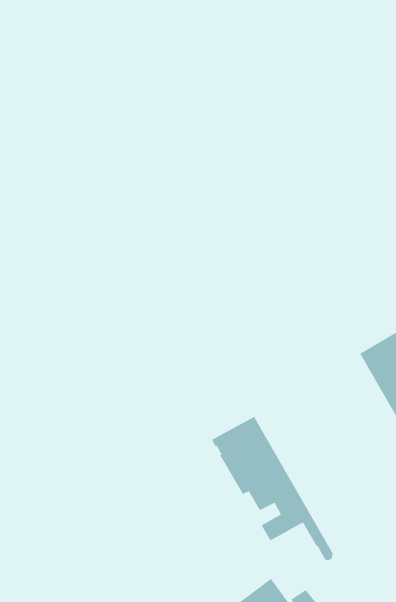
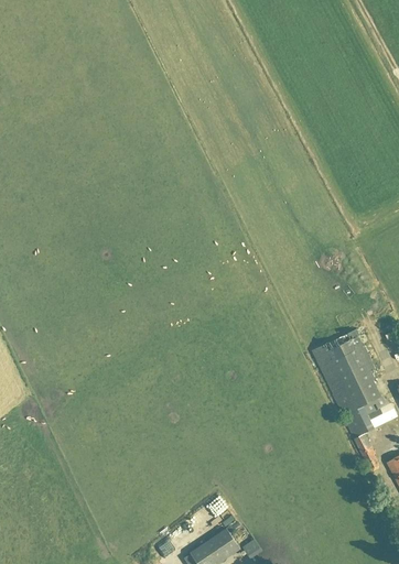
building: [211,416,334,561] -> none

